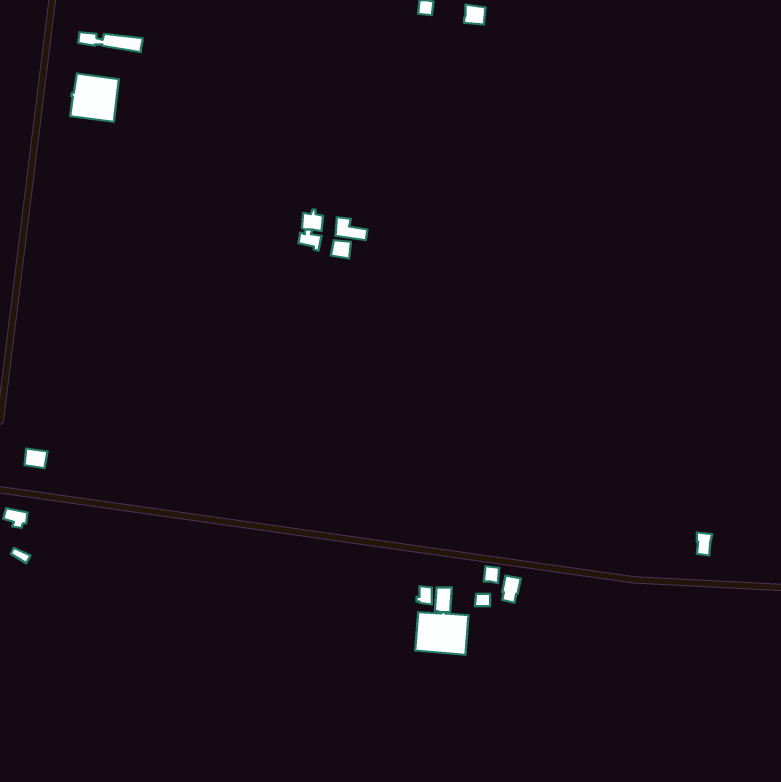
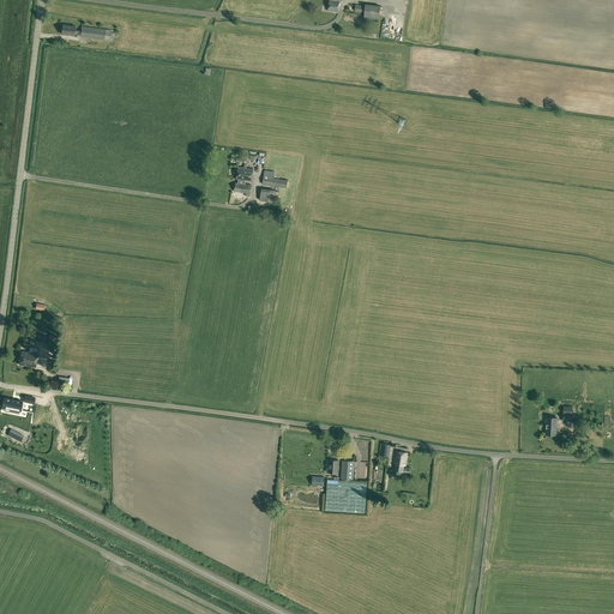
building: [70,73,119,122] -> none

